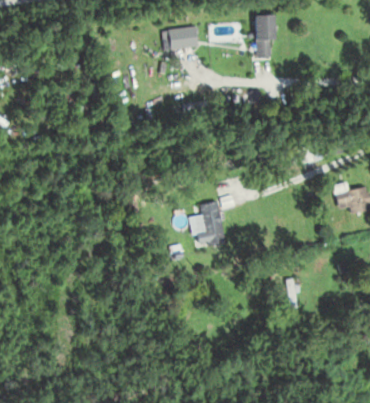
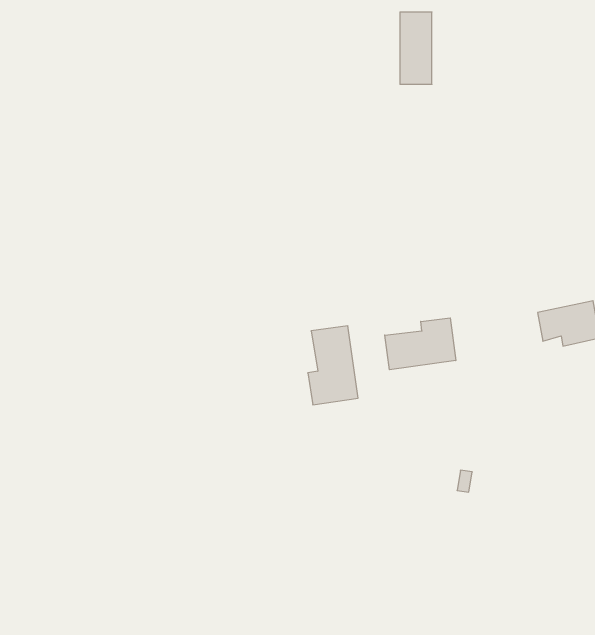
building: [166,26,196,50] -> none
building: none -> [385,318,456,370]

